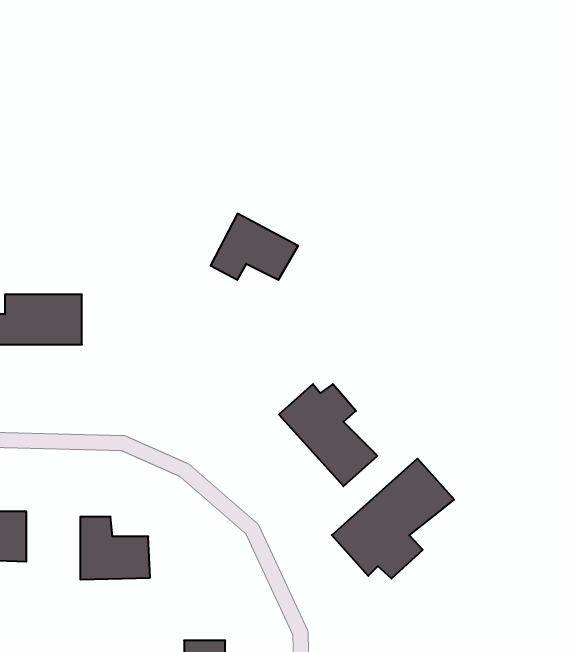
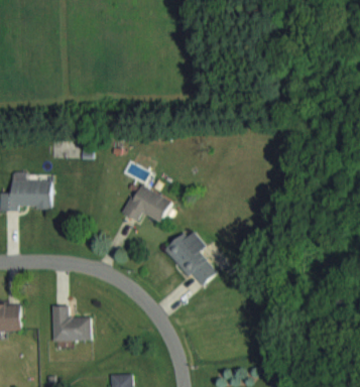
building: [211,214,298,280] -> [123,183,172,221]
building: [332,459,454,579] -> none

